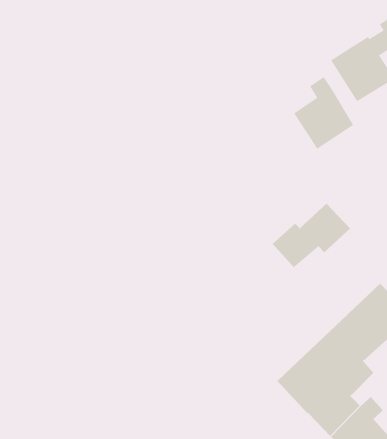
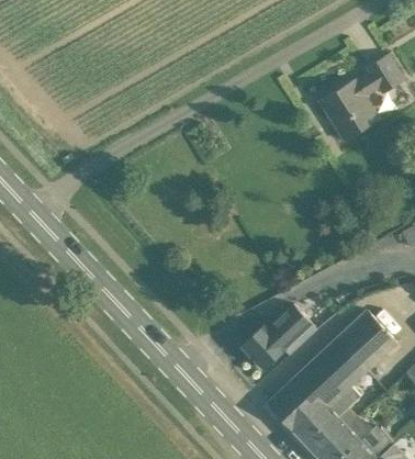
building: [293,76,354,150] -> none
building: [272,203,351,268] -> [243,305,317,367]

